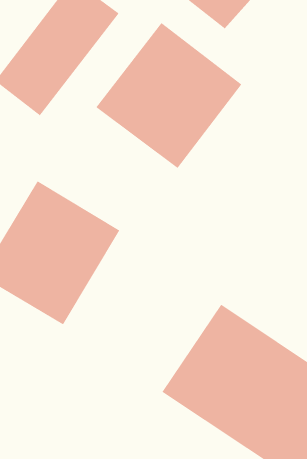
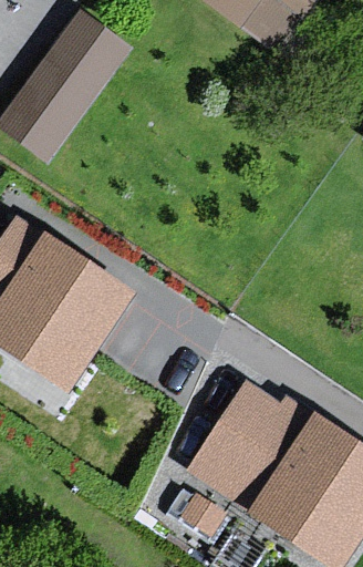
building: [96,22,242,169] -> none

